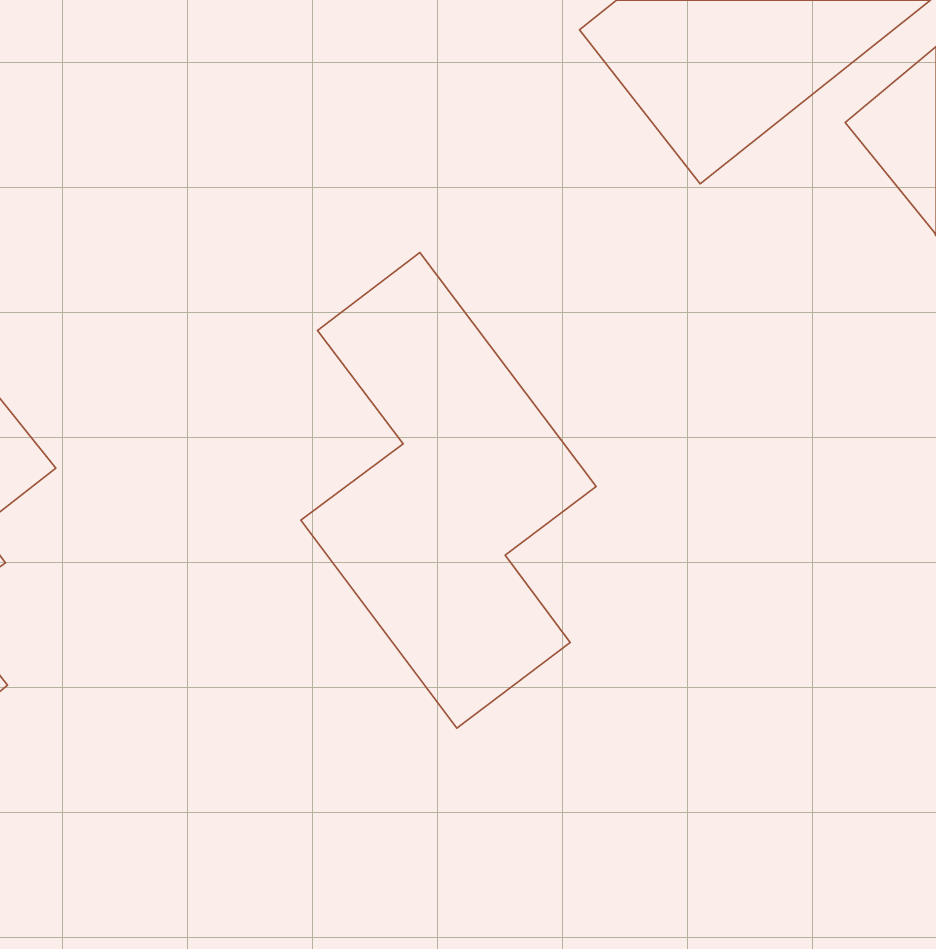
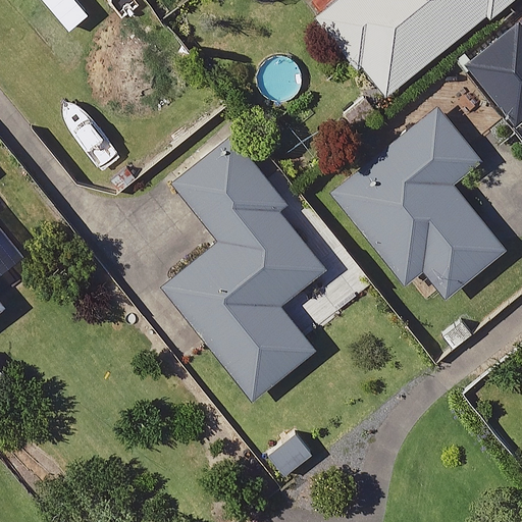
building: none -> [330,105,504,296]

